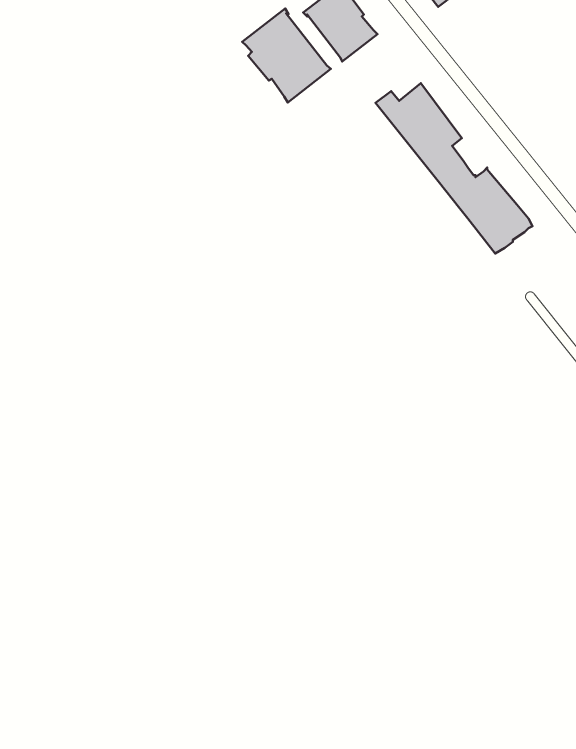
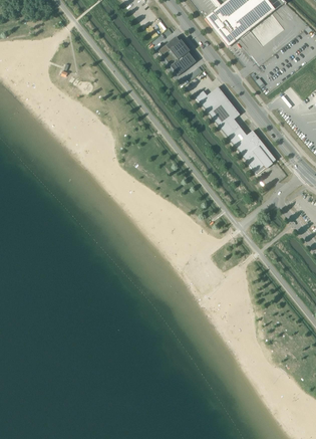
building: [242,8,331,102] -> none

